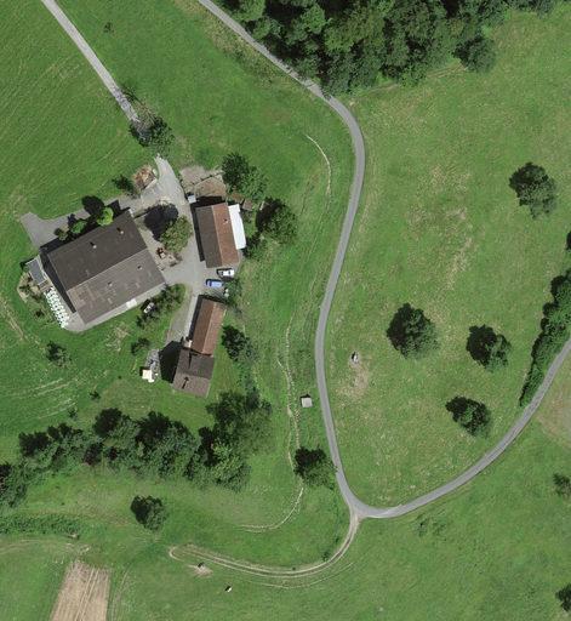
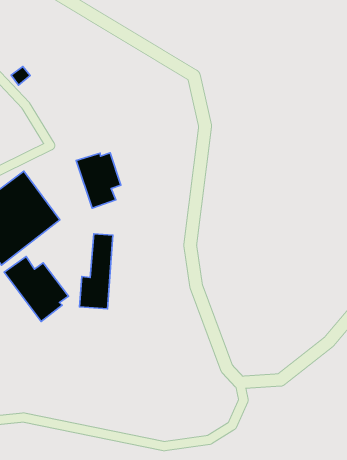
building: none -> [4,257,68,322]

